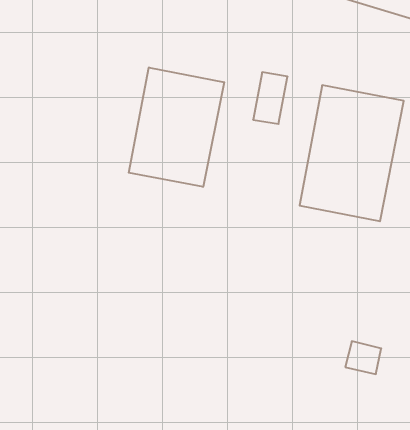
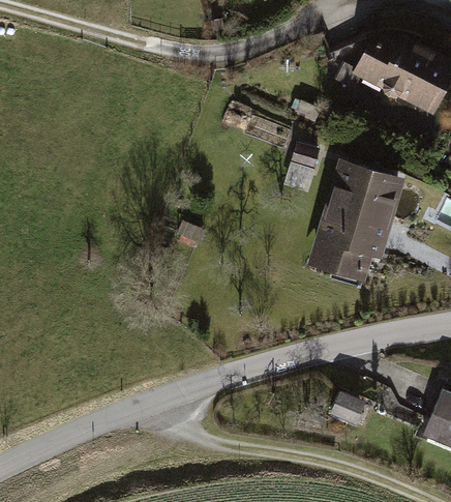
building: [129,67,224,187] -> none

